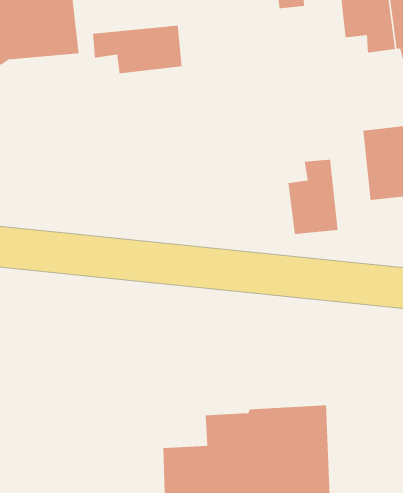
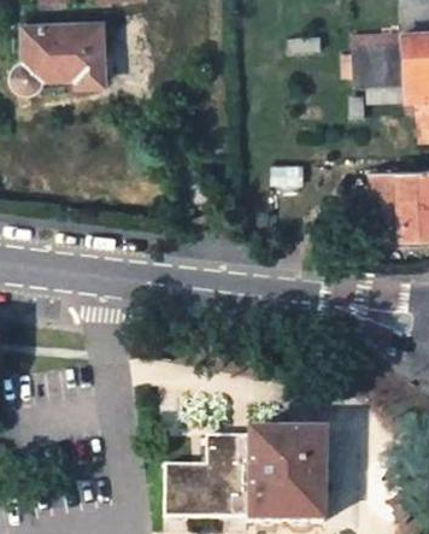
building: [92,25,182,74] -> none
building: [288,159,338,235] -> none

